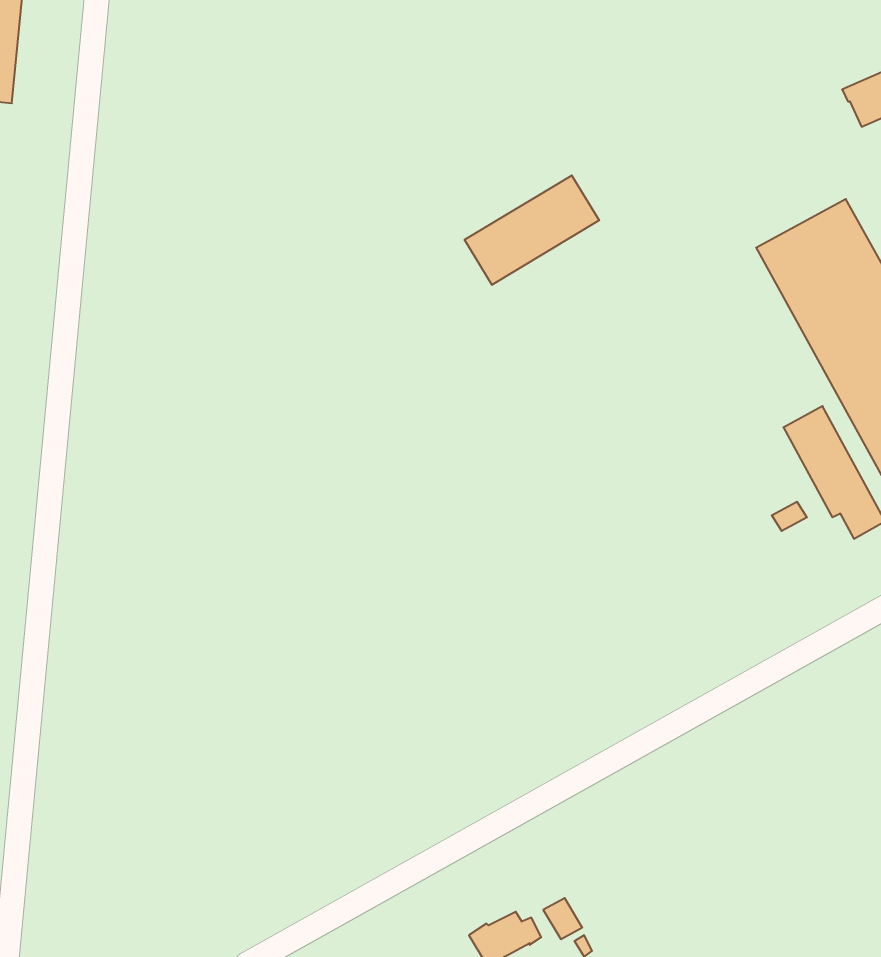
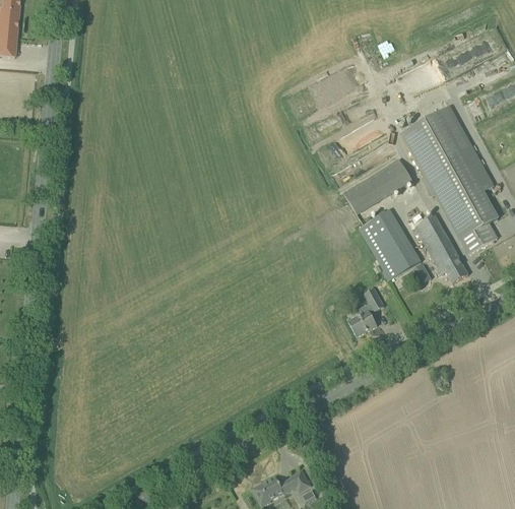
building: [464,175,599,285] -> [342,157,412,214]
building: none -> [358,208,421,280]
building: none -> [347,288,384,335]

